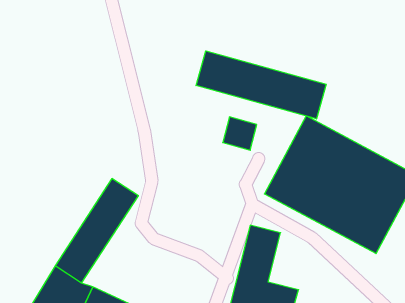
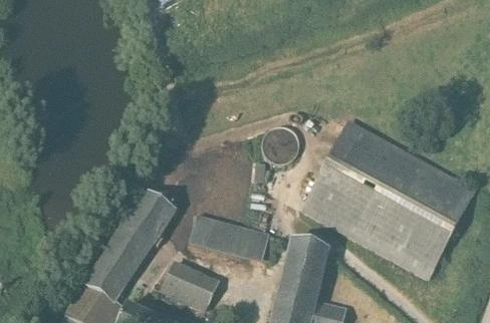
building: [196,51,326,119] -> none
building: none -> [193,215,268,259]
building: none -> [165,261,219,307]

